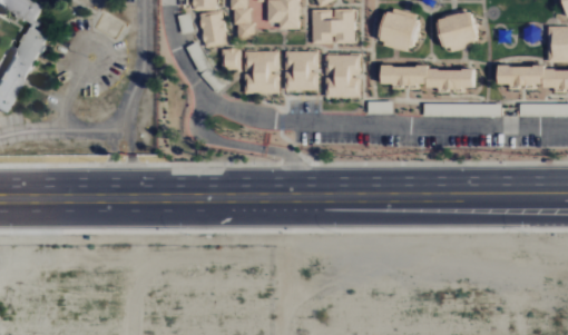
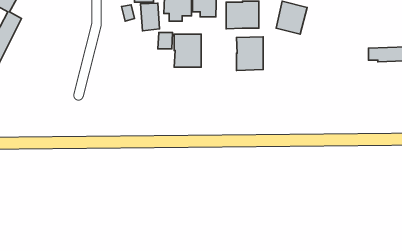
building: [435,11,477,50] -> none
building: [286,50,320,89] -> none
building: [380,67,477,87] -> none

